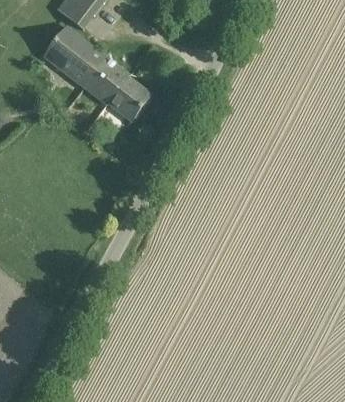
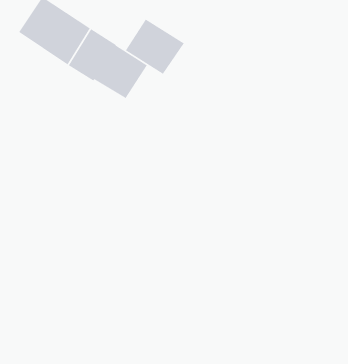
building: none -> [125,18,185,75]

